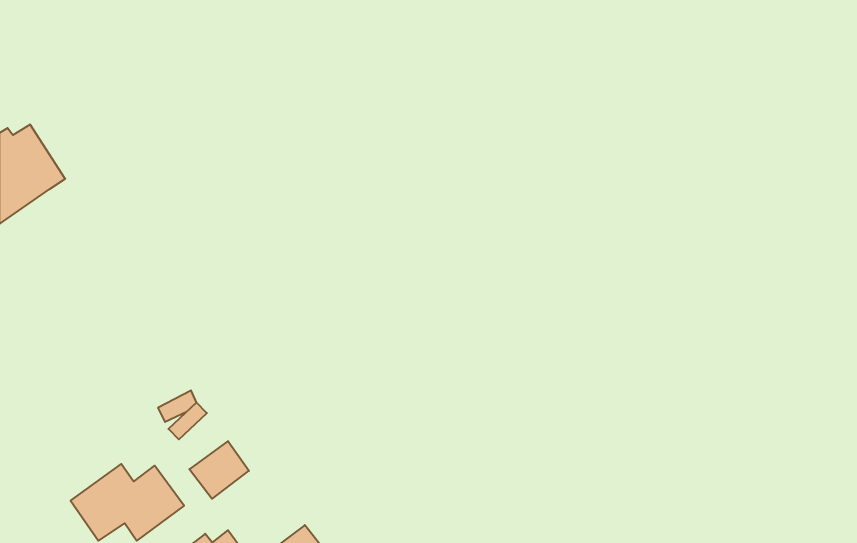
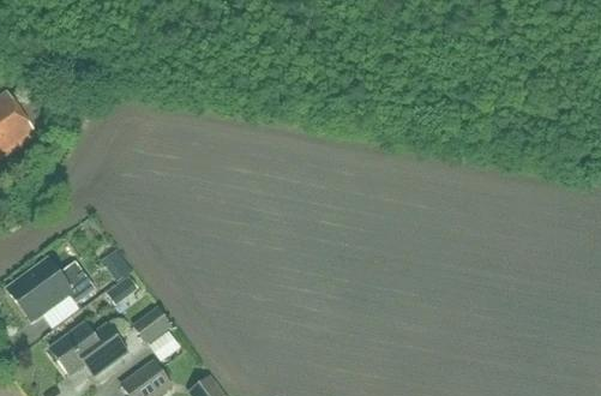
building: none -> [7,258,94,320]

